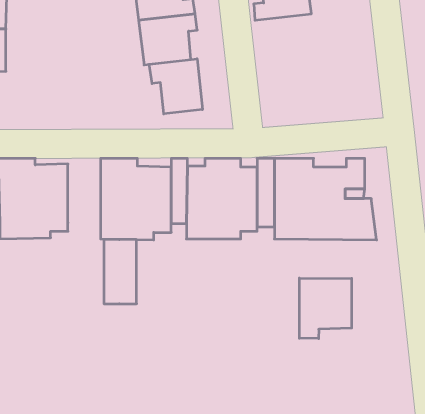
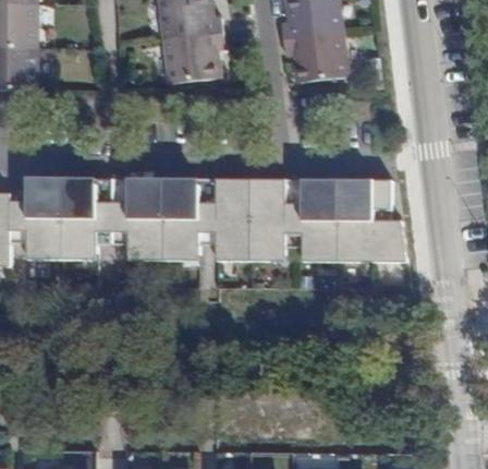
building: none -> [284,35,346,84]
building: [149,59,202,114] -> none
building: [104,240,137,304] -> [97,180,130,244]
building: [299,278,352,339] -> none

